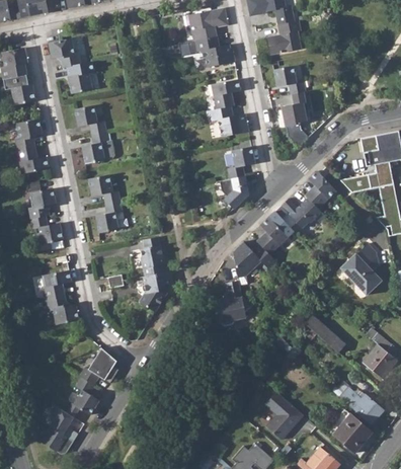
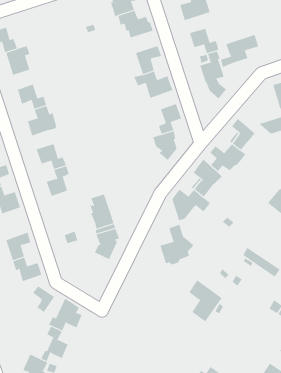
building: none -> [220,34,259,68]
building: none -> [33,285,55,313]
building: [266,391,304,440] -> [188,279,223,322]

